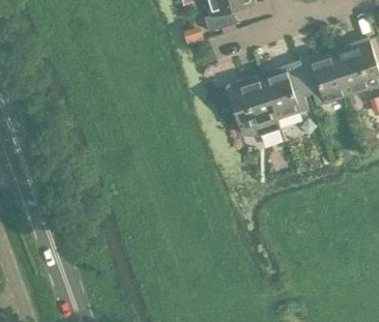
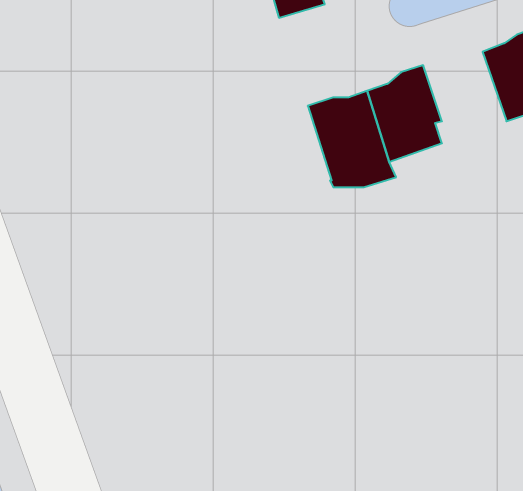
building: [297,52,348,105] -> none

